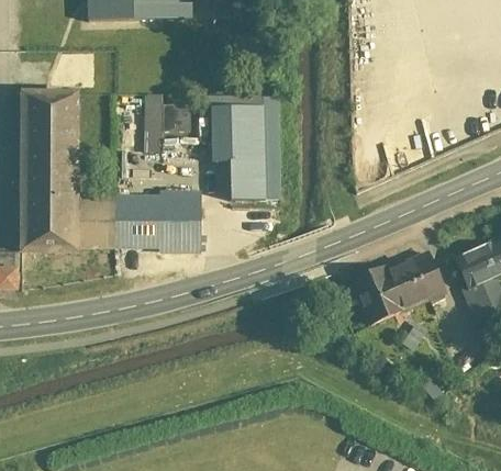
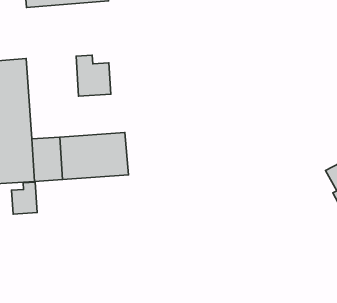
building: [212,94,279,198] -> none
building: [353,250,446,322] -> none
building: none -> [11,182,37,214]

